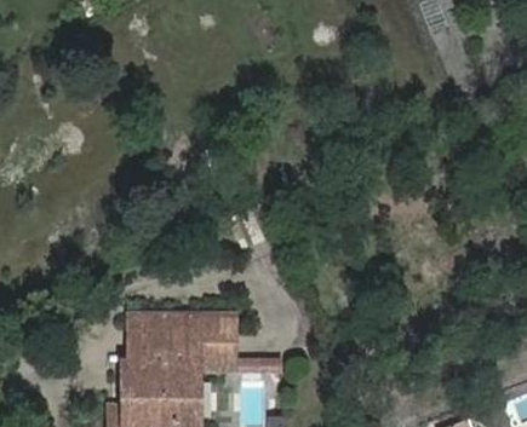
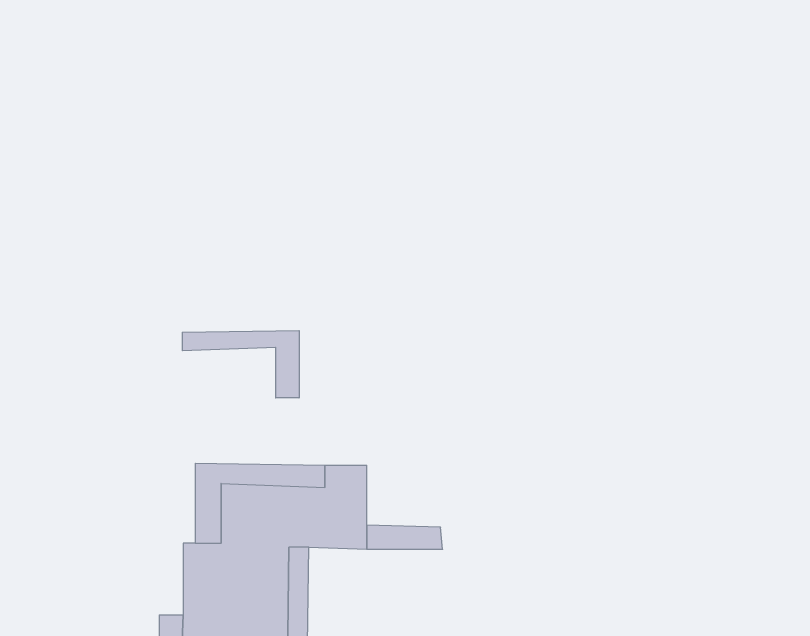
building: none -> [182,331,299,398]

